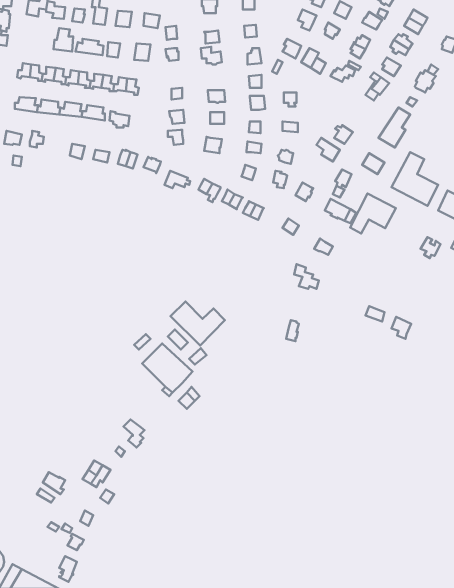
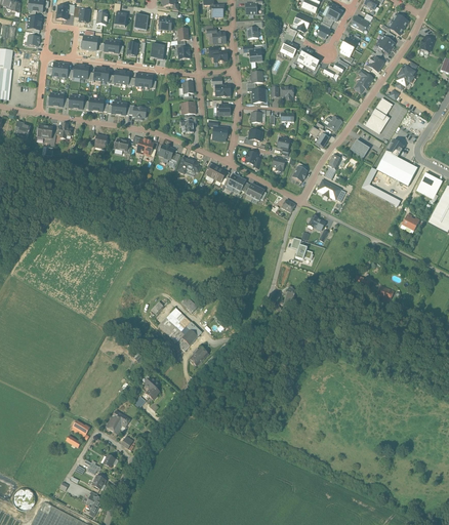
building: [350,194,396,233] -> none
building: [170,301,225,346] -> none

